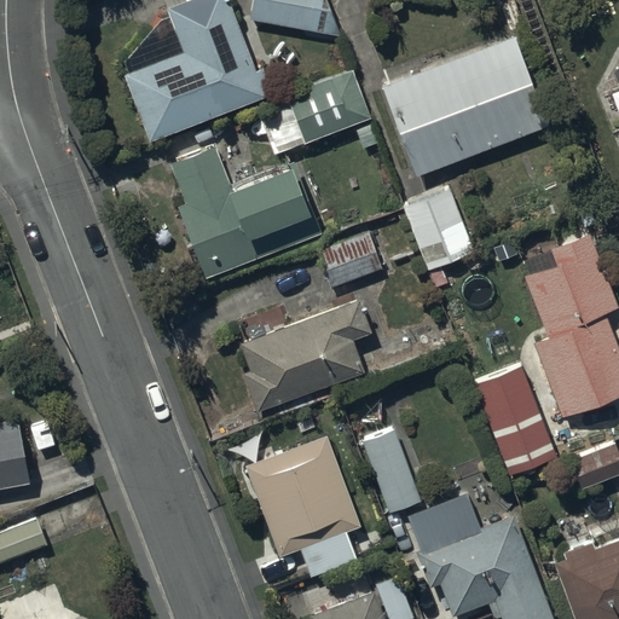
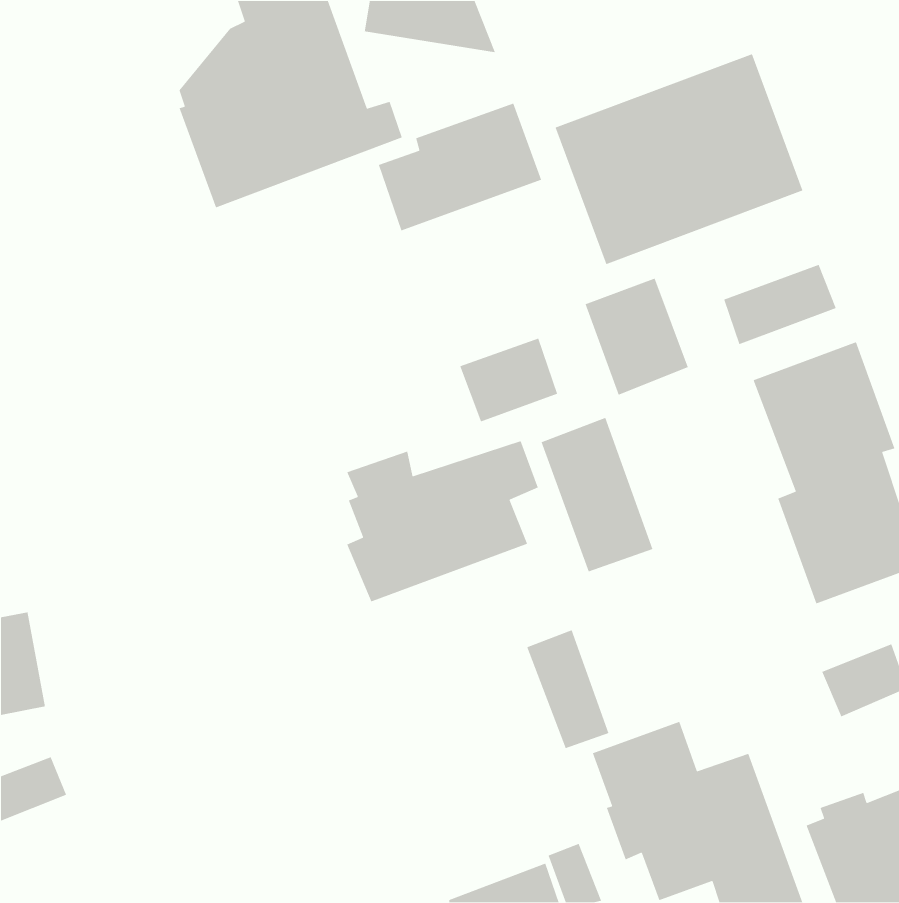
building: [169,145,324,278] -> none
building: none -> [723,264,837,345]
building: [476,366,554,473] -> [540,417,653,572]
building: [242,434,361,574] -> none

